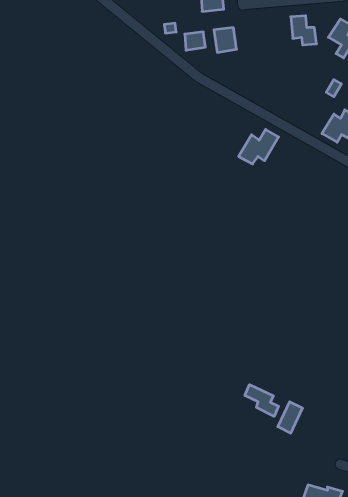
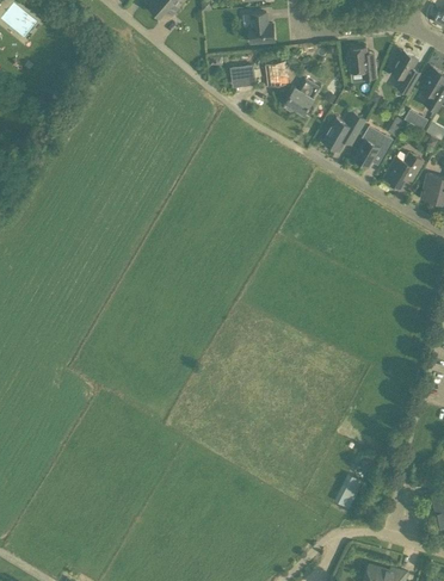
building: none -> [284,78,320,113]
building: none -> [353,129,393,167]
building: [239,129,279,164] -> [321,111,365,149]
building: [245,385,279,416] -> none

